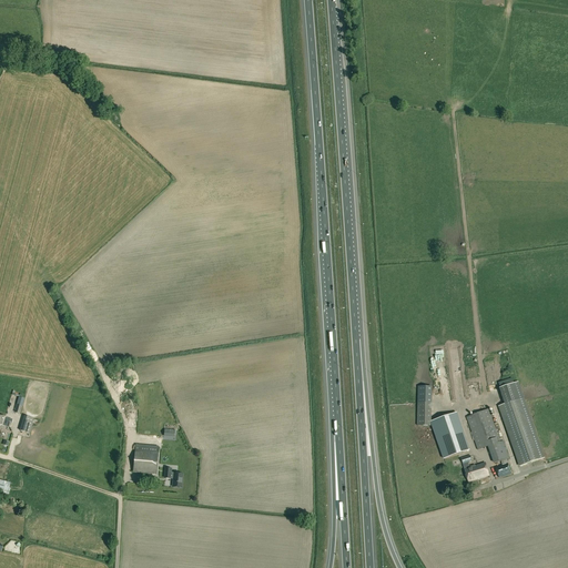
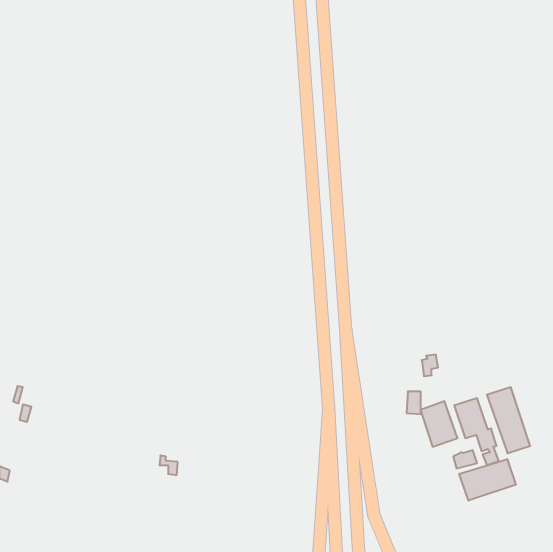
building: [132,448,156,473] -> none
building: none -> [459,459,516,501]

